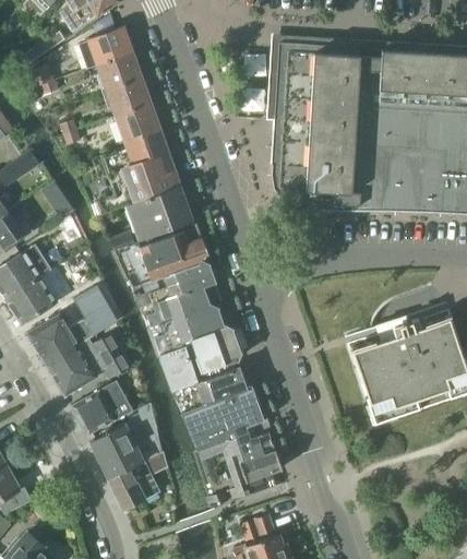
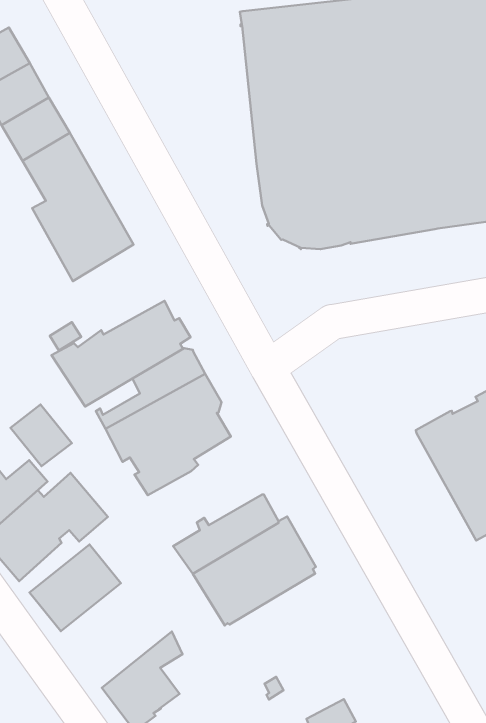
building: [135,185,193,236] -> none
building: [158,324,240,391] -> none
building: [89,402,160,477] -> none
building: [200,426,280,499] -> none

